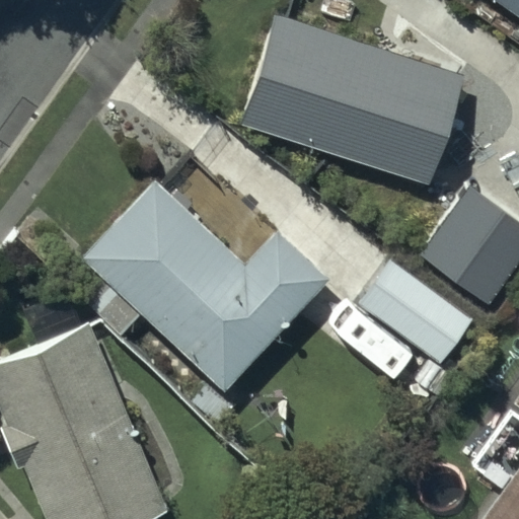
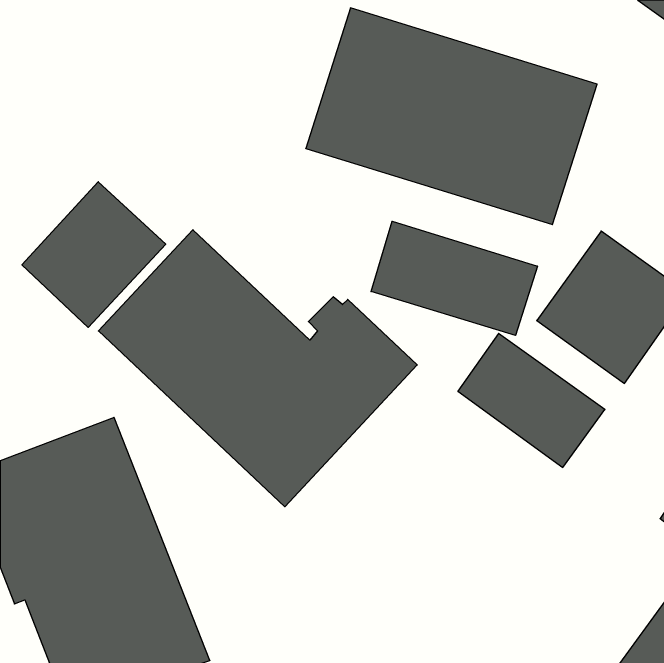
building: none -> [22,182,166,327]
building: none -> [371,221,537,335]

